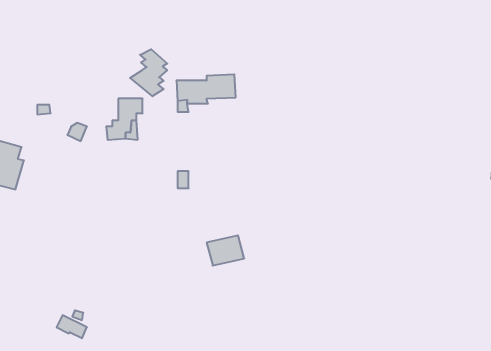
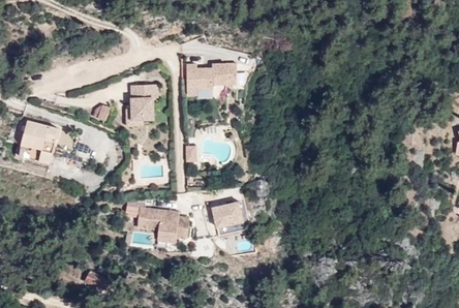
building: [130,49,167,96] -> none
building: none -> [136,208,188,242]

